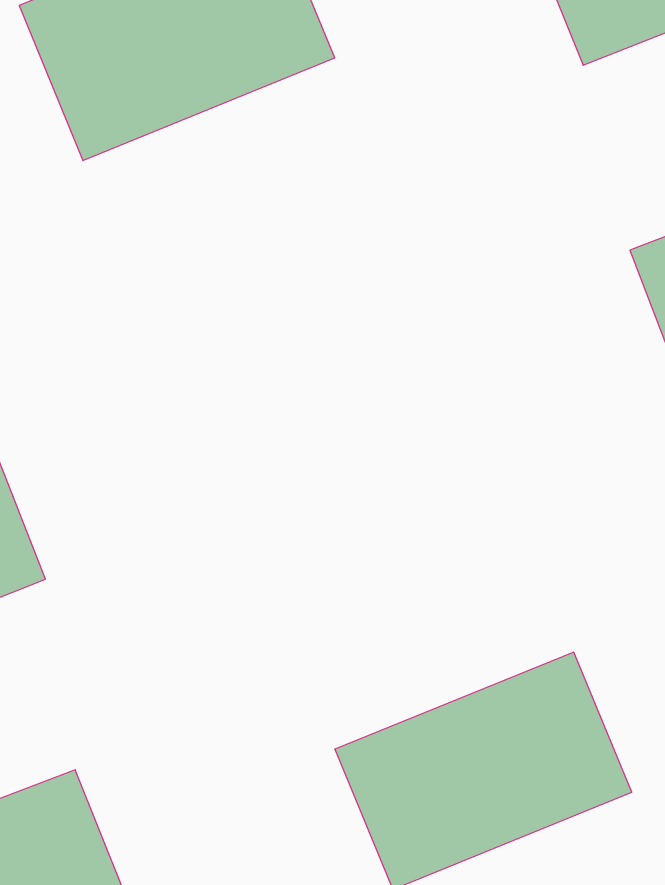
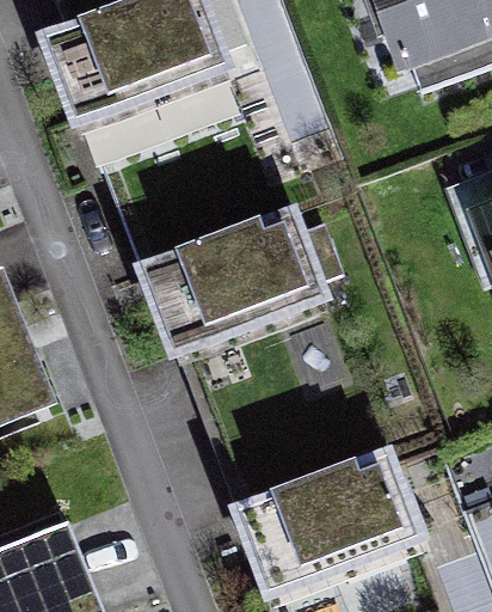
building: none -> [139,201,333,357]

